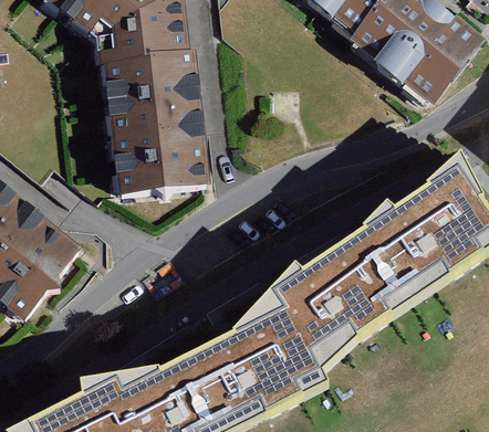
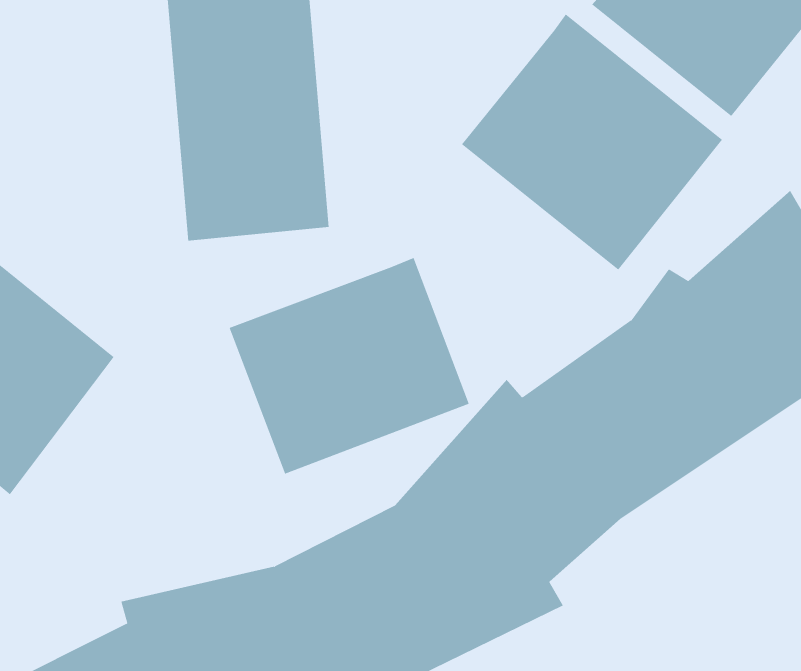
building: none -> [461,13,723,270]
building: none -> [229,257,470,474]

